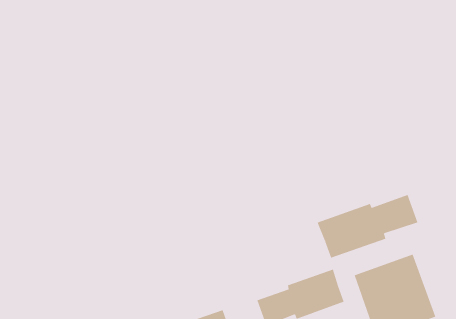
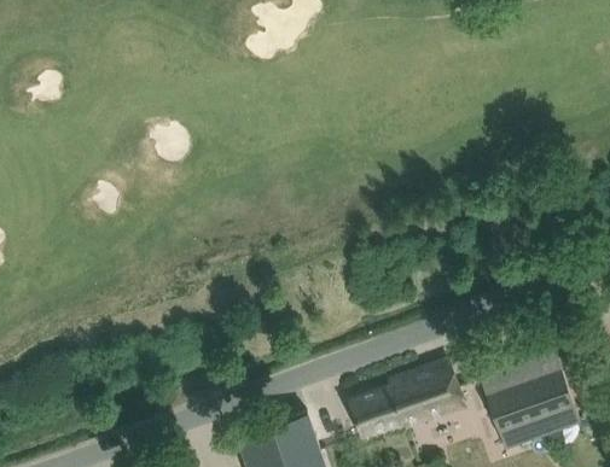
building: [317,194,418,258] -> none

